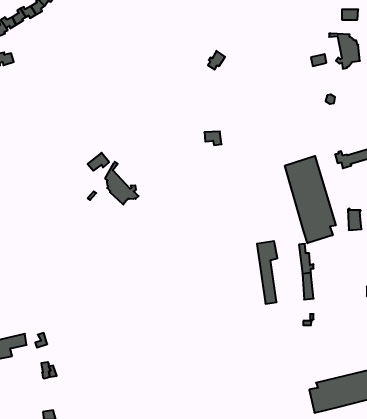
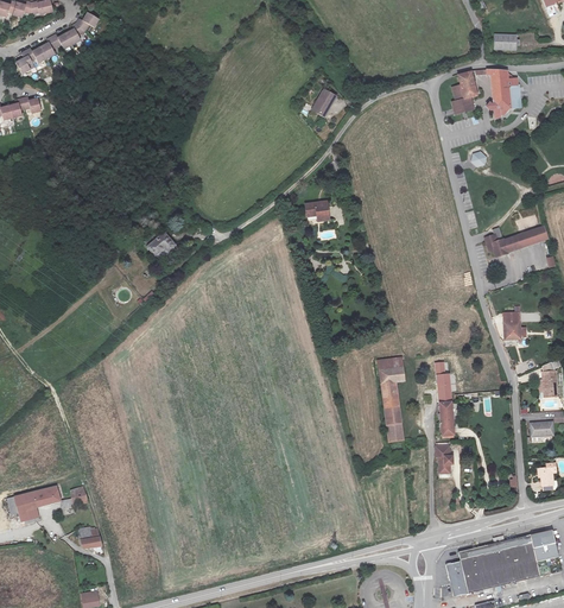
building: none -> [450,70,476,101]
building: [285,156,336,243] -> none
building: [105,162,139,205] -> none

